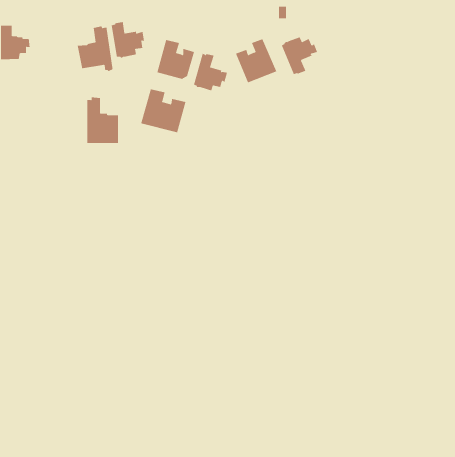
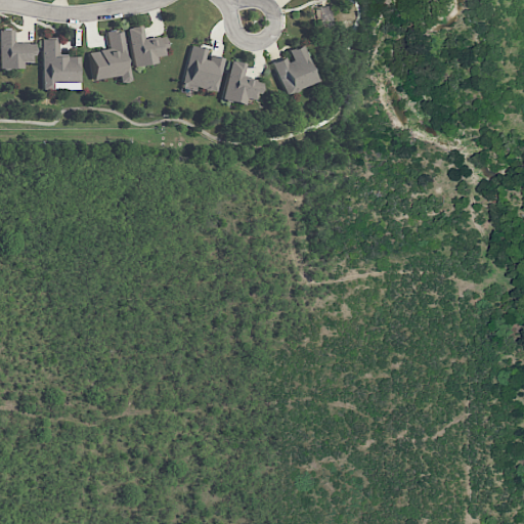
building: [281,36,318,75] -> none
building: [141,88,186,133] -> none
building: [86,97,119,143] -> [44,36,81,89]

